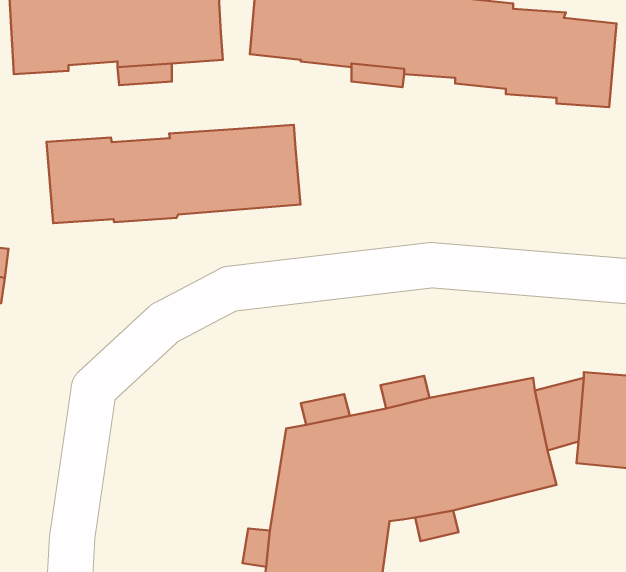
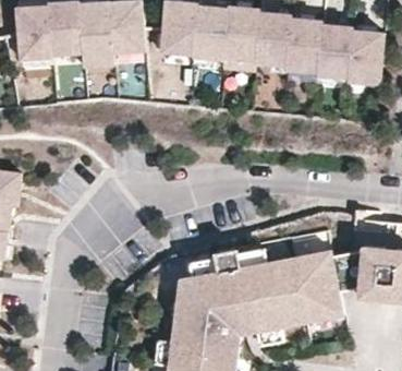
building: [46,125,300,223] -> none

